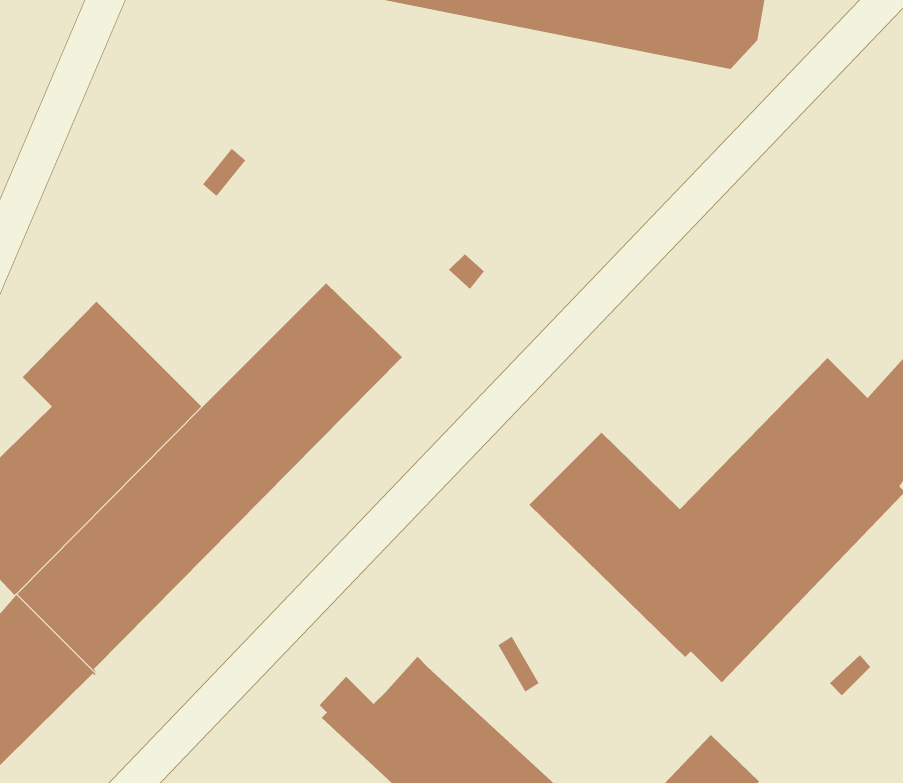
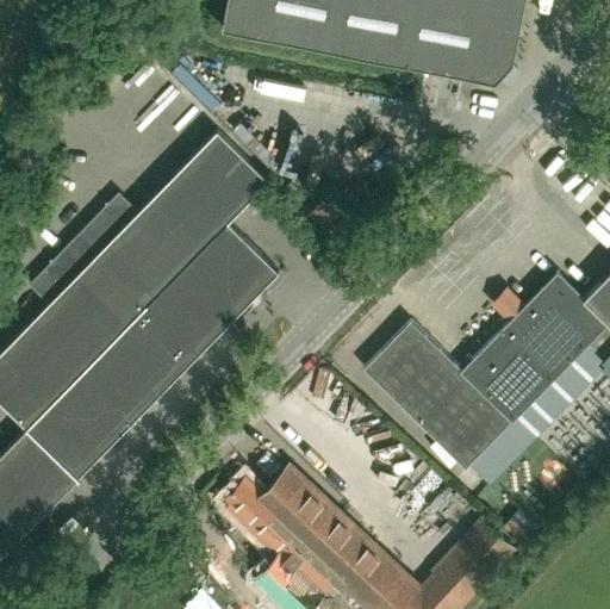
building: none -> [80,131,270,304]

